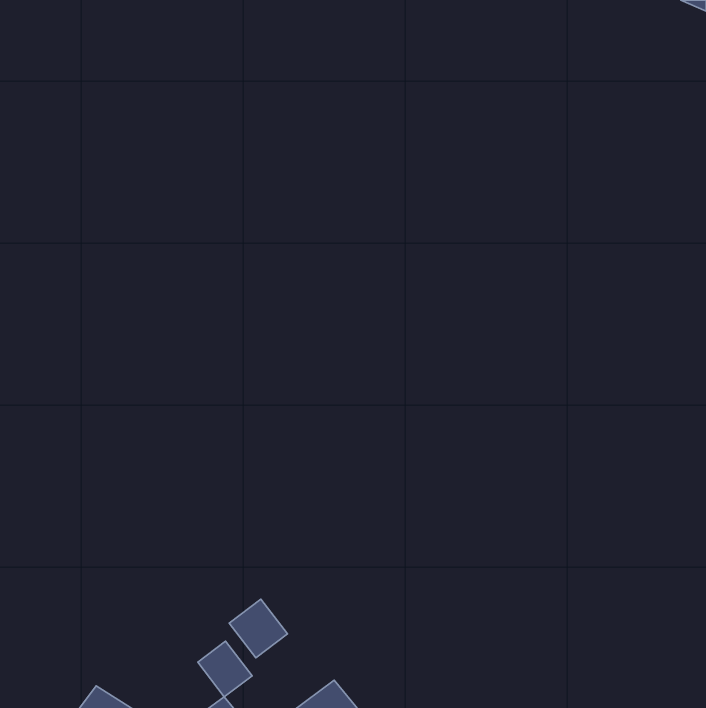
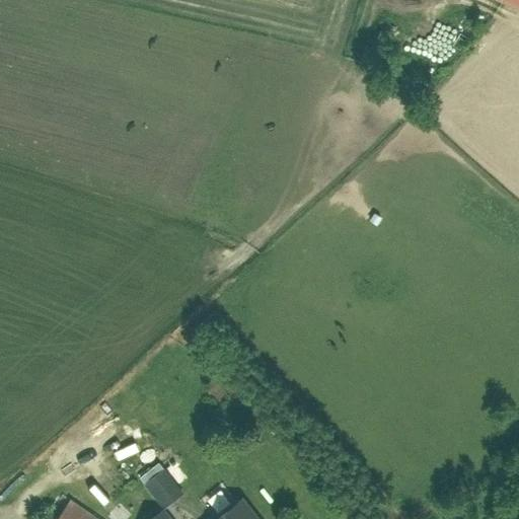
building: [229,599,287,658] -> none

